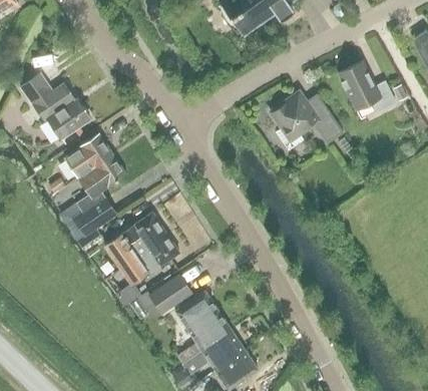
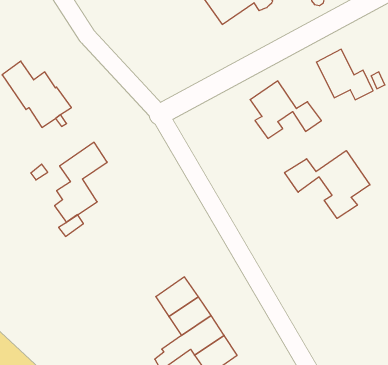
building: [64,133,113,177] -> none
building: none -> [285,151,370,218]
building: [104,212,179,284] -> none
building: [138,272,192,315] -> none

